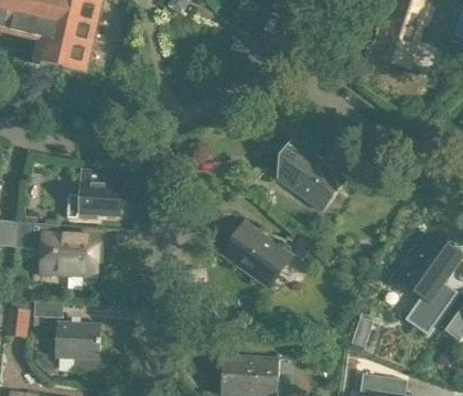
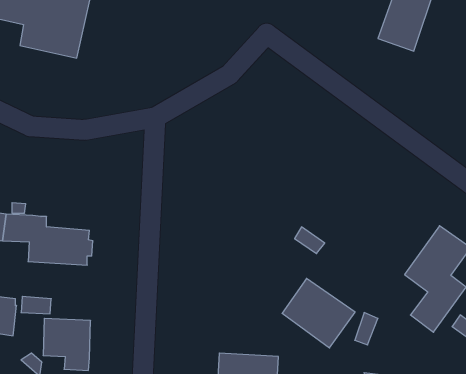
building: [277,138,346,211] -> none
building: [67,169,119,218] -> none
building: [223,222,292,288] -> [282,278,355,348]

